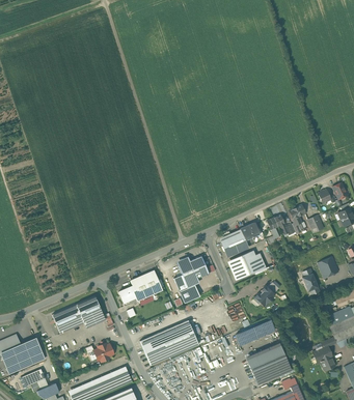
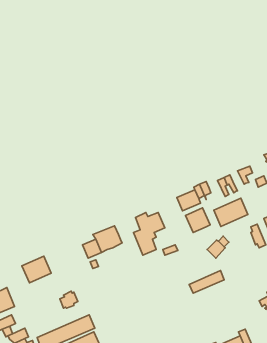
building: none -> [214,198,248,226]
building: [76,295,103,322] -> none
building: [140,320,198,365] -> none
building: [247,346,292,384] -> none

